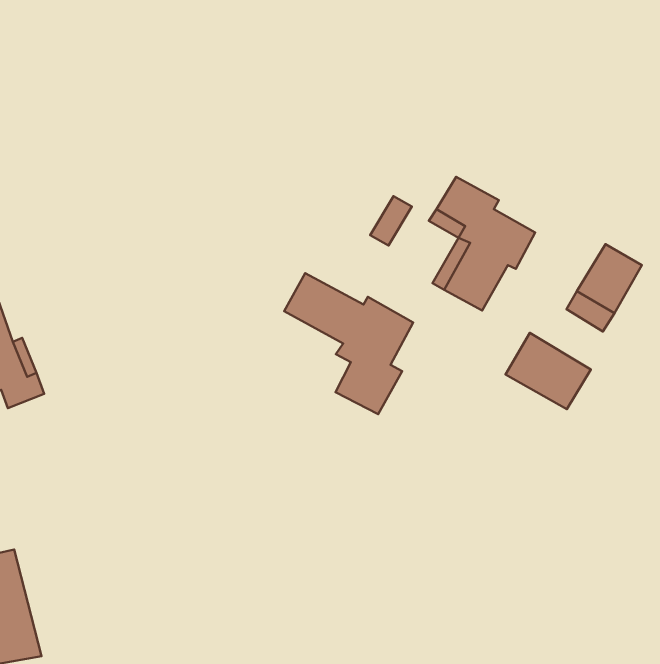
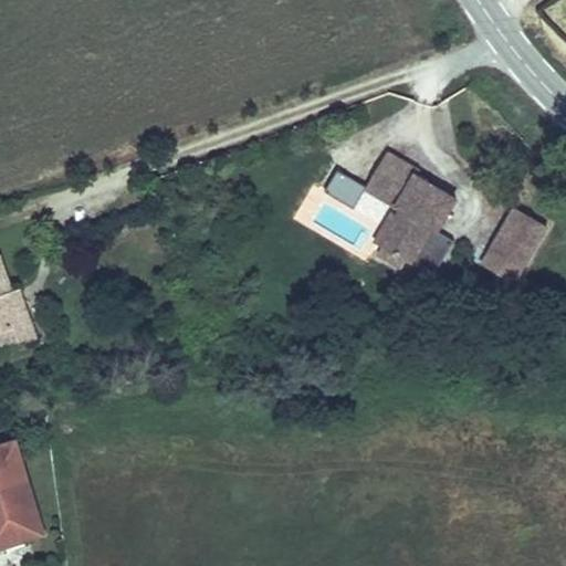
building: [284,273,413,414] -> none
building: [505,333,591,409] -> none

